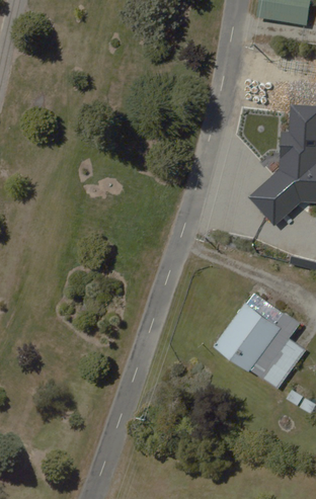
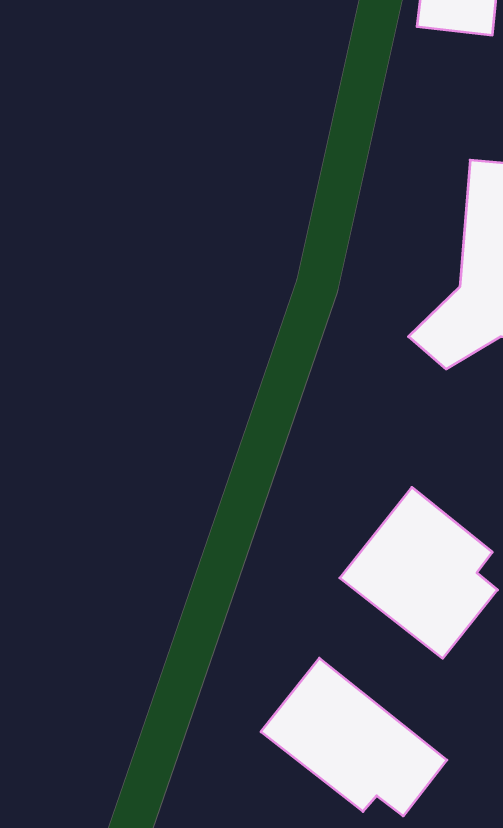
building: none -> [261,658,447,816]

